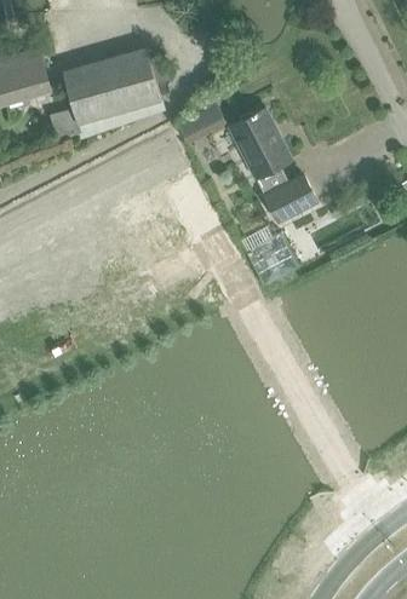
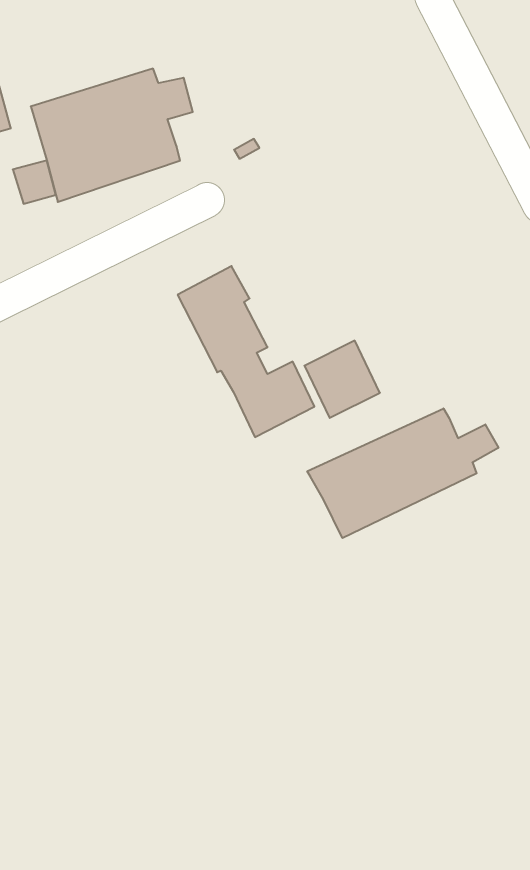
building: [225,108,317,223] -> [178,266,314,437]
building: none -> [307,408,498,538]

